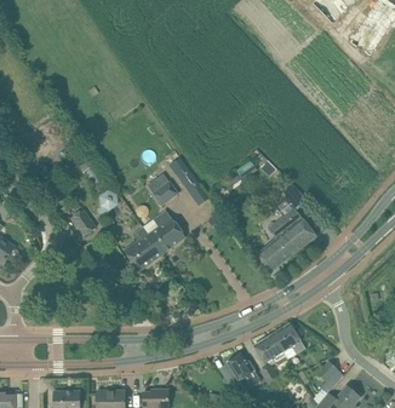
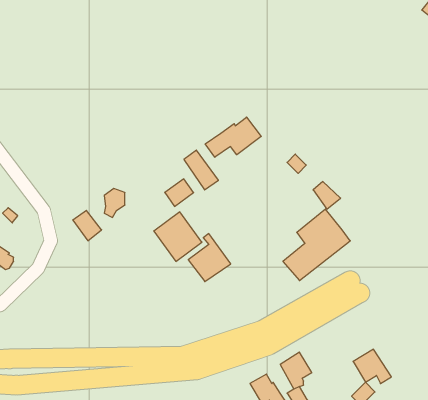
building: none -> [205,117,261,157]
building: [125,226,162,269] -> [188,234,231,282]
building: [271,322,305,352] -> [353,349,391,384]

